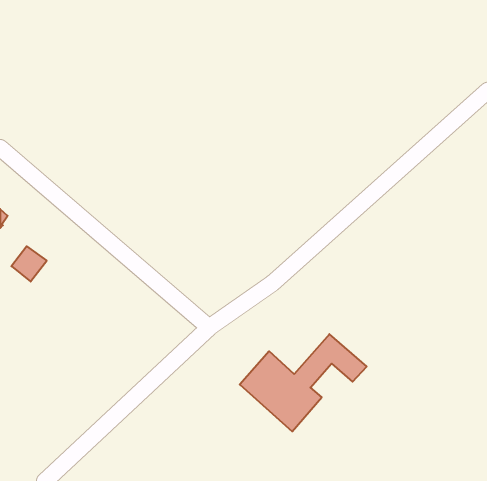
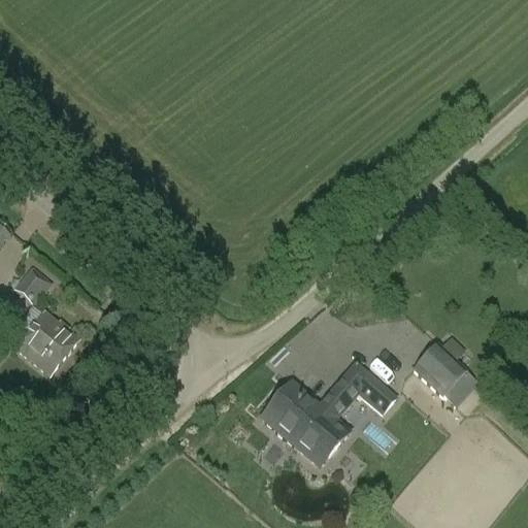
building: none -> [15,310,79,373]
building: none -> [412,341,478,406]

